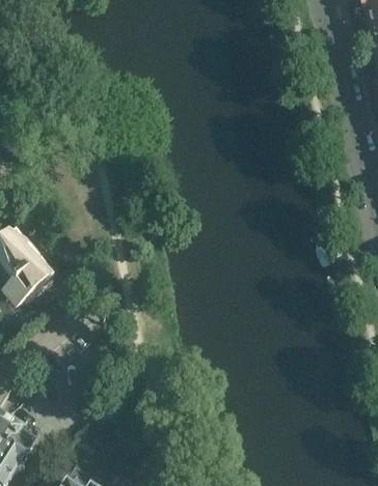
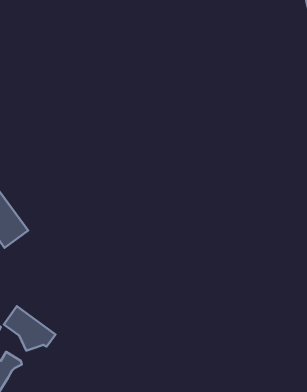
building: none -> [4,306,55,351]

